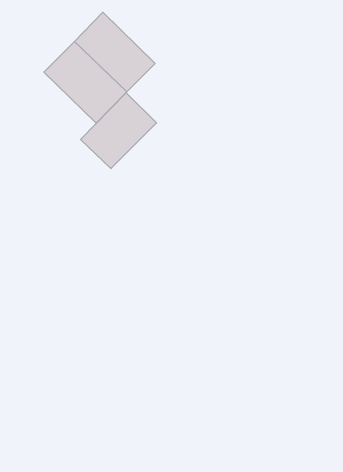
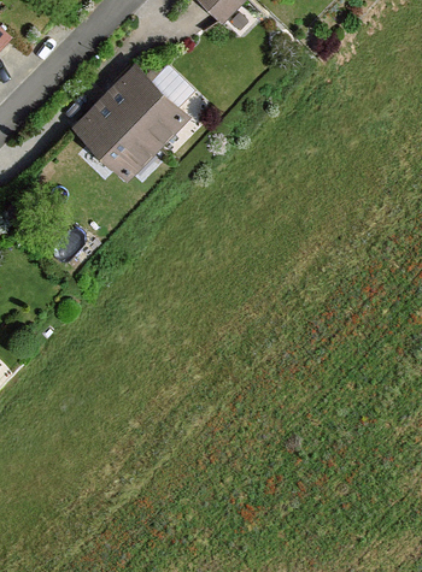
building: [81,93,157,169] -> none

